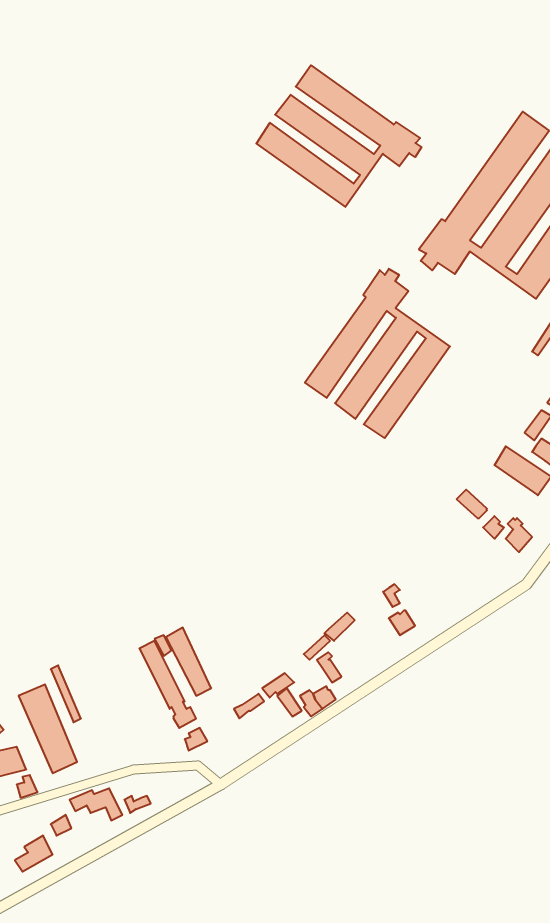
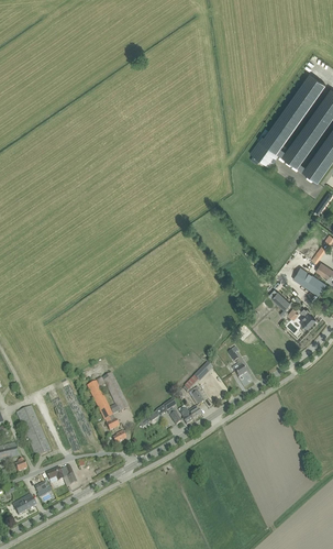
building: [256,65,421,207] -> none
building: [305,269,450,438] -> none

